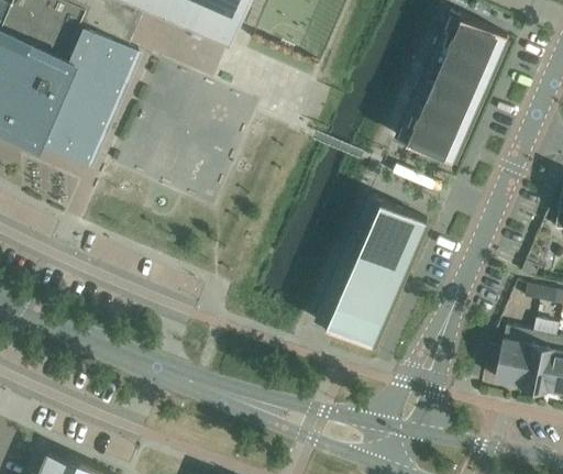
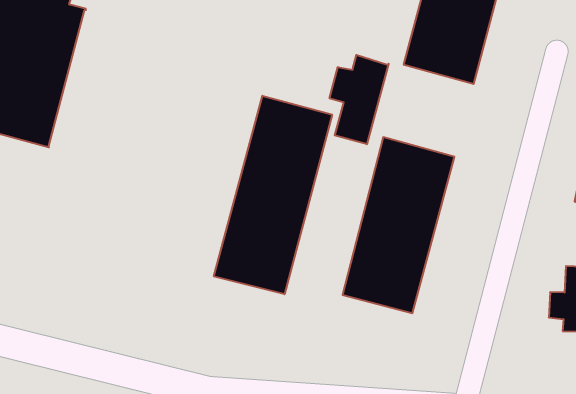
building: none -> [330,55,389,144]
building: none -> [214,96,332,294]

